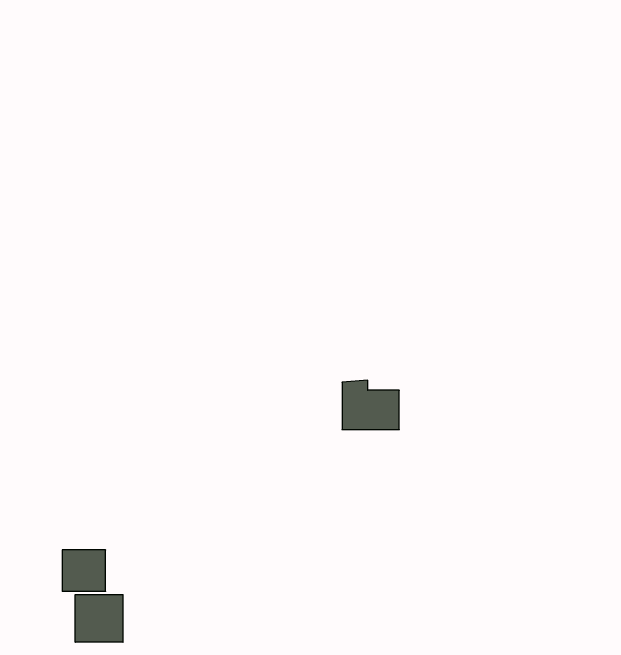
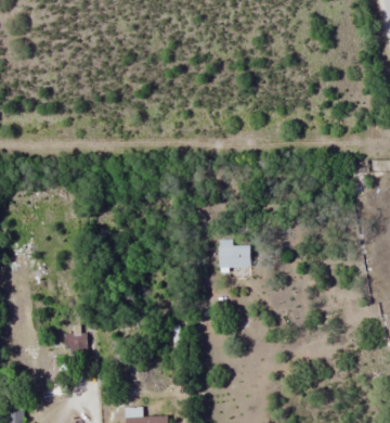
building: [75,595,123,642] -> none

